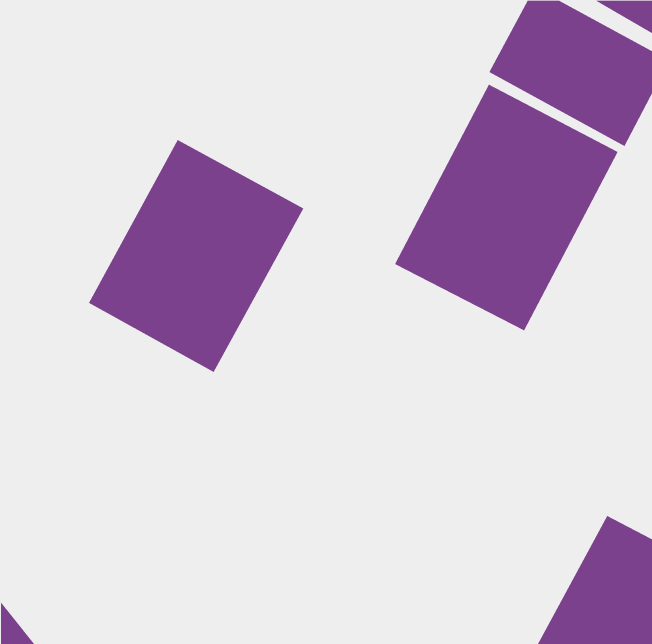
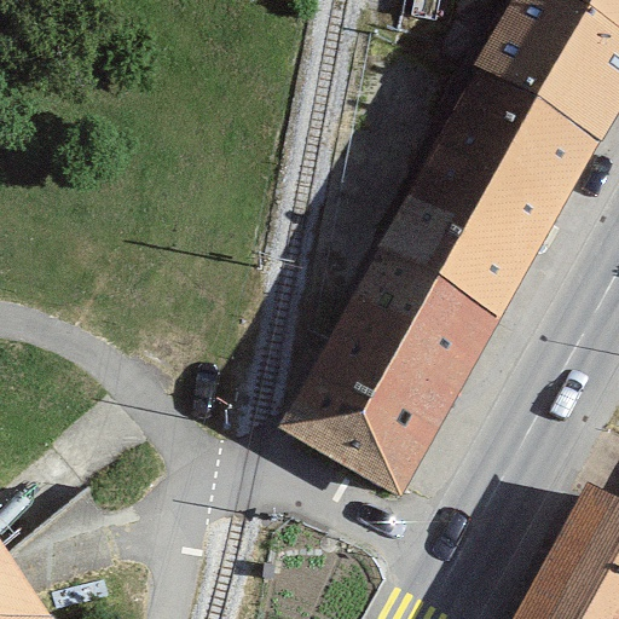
building: [88,139,304,373] -> none
building: none -> [299,278,486,484]

